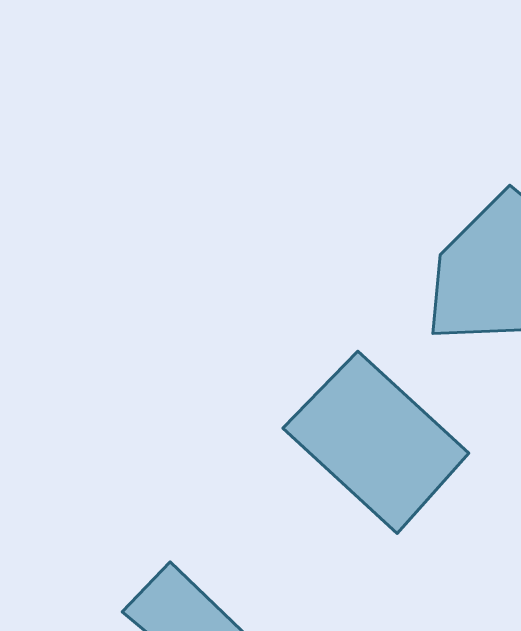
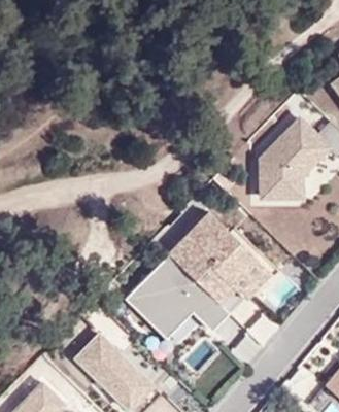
building: none -> [122,253,233,340]

